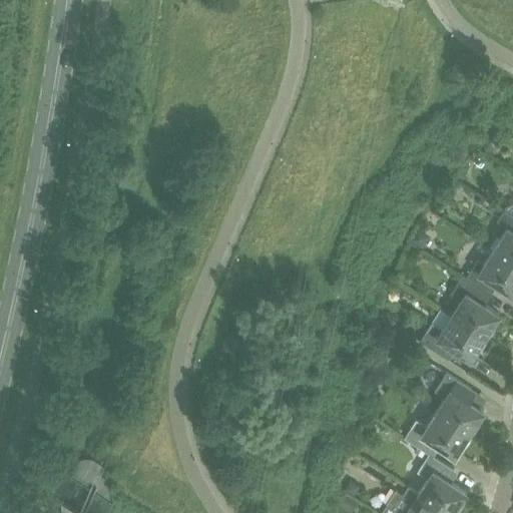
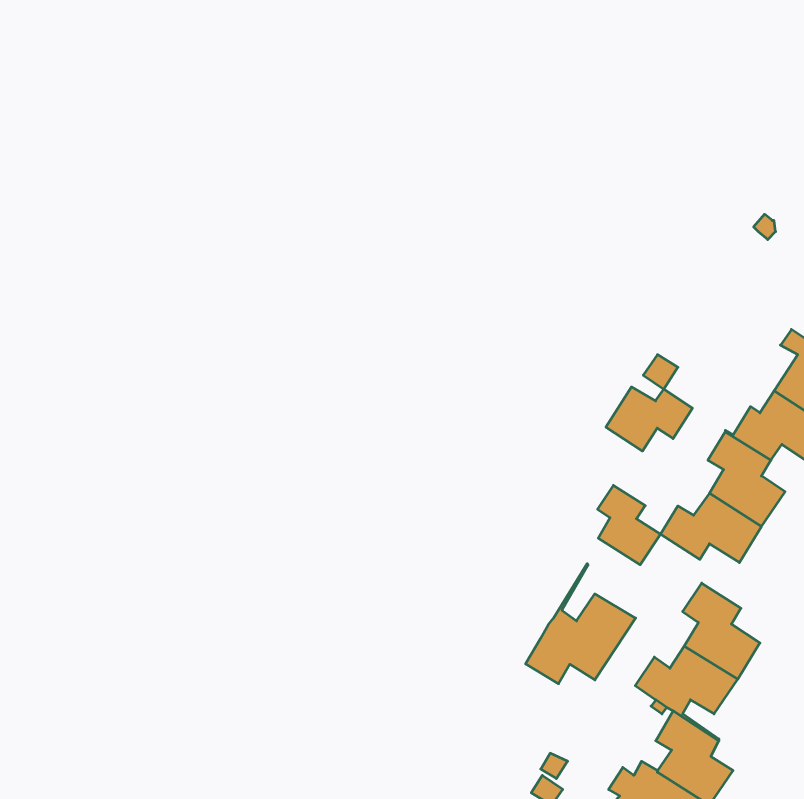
building: none -> [606,387,692,451]
building: none -> [598,485,661,565]
building: none -> [526,564,636,684]

